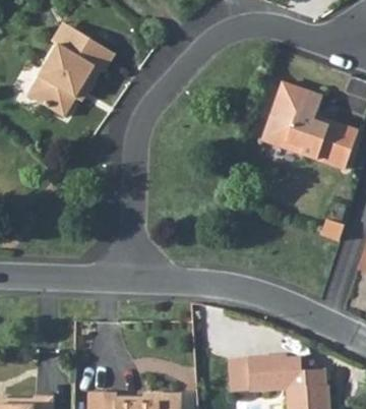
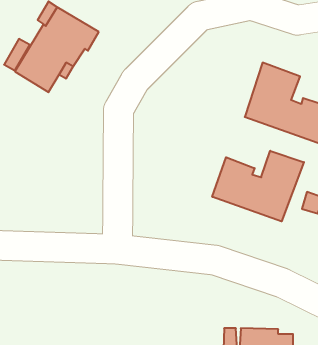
building: none -> [212,151,304,221]

